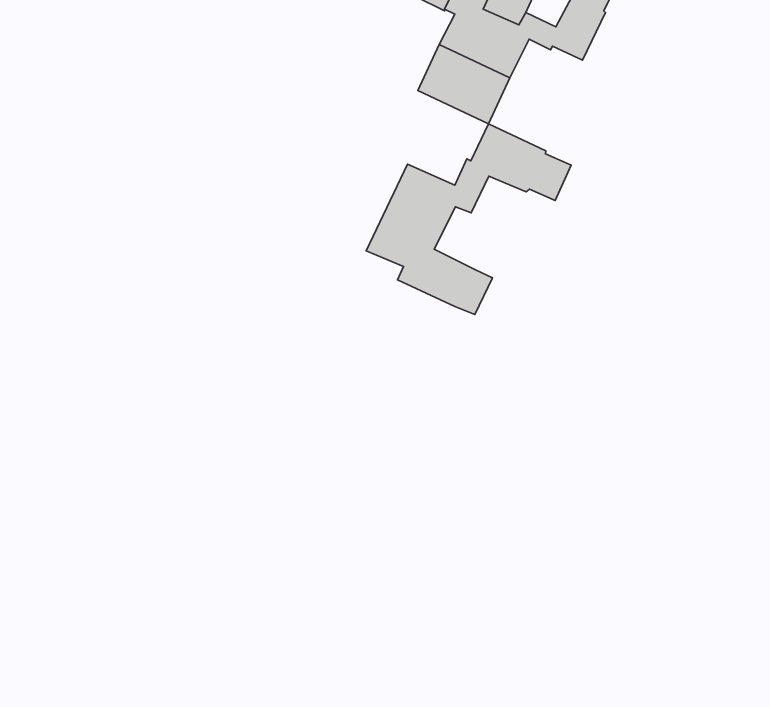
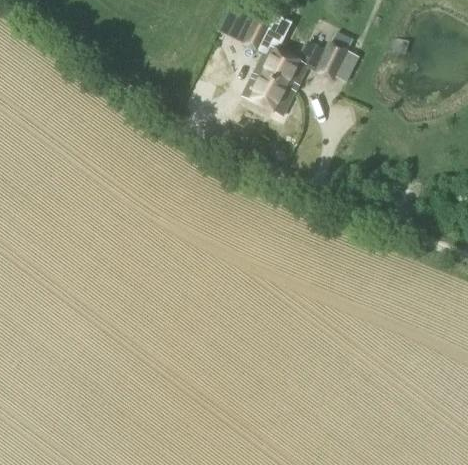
building: [366,124,571,314] -> none

